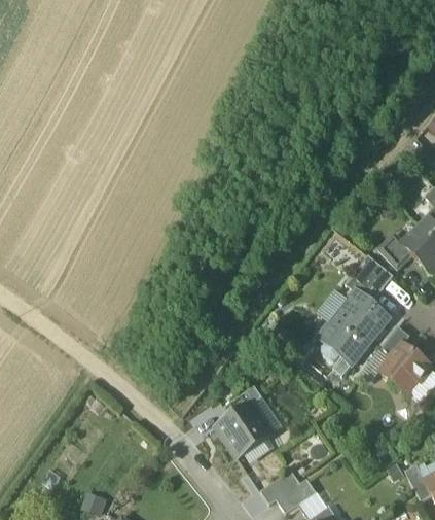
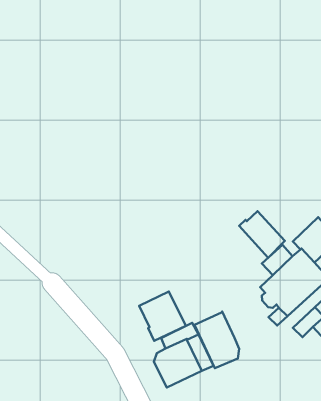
building: none -> [239,211,285,258]
building: none -> [139,291,186,341]
building: none -> [194,312,239,368]

